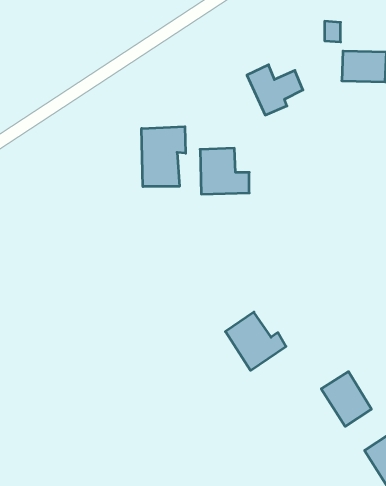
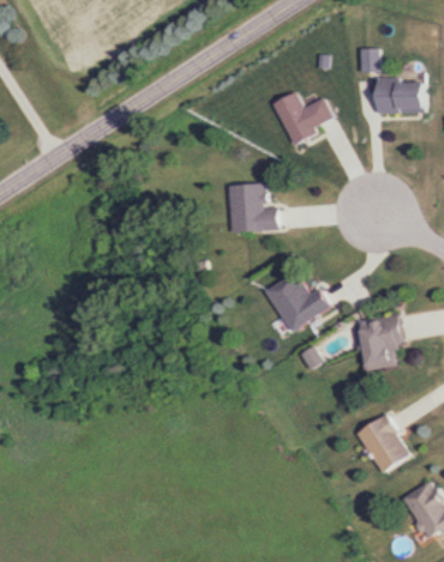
building: [142,127,186,187] -> none
building: none -> [359,313,402,369]
building: [225,312,286,370] -> [264,270,328,331]

